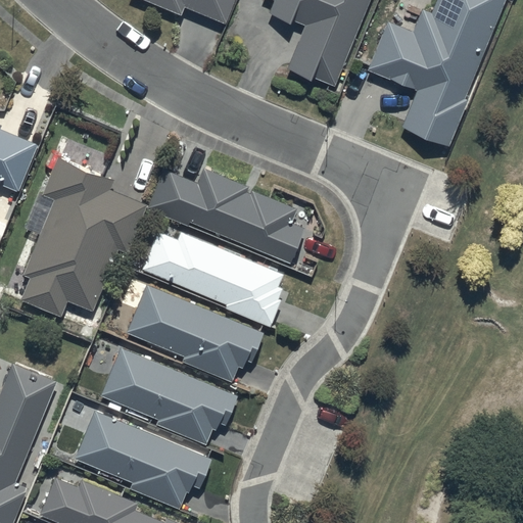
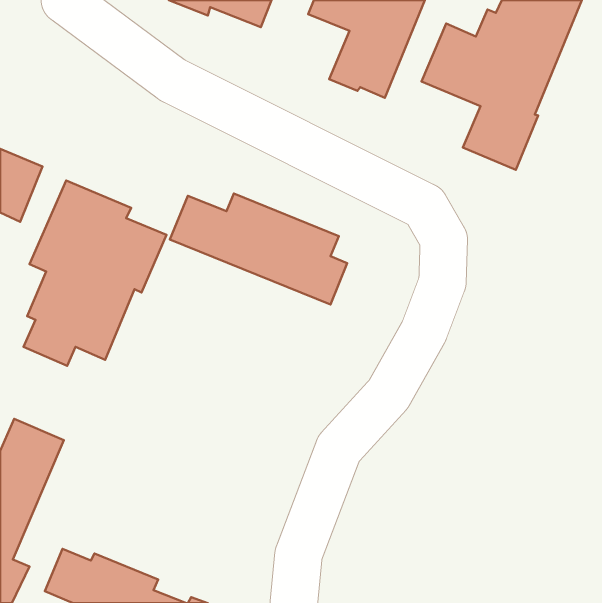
building: [141,230,282,326] -> none
building: [128,285,264,379] -> none
building: [101,347,237,444] -> none
building: [76,410,210,507] -> none

